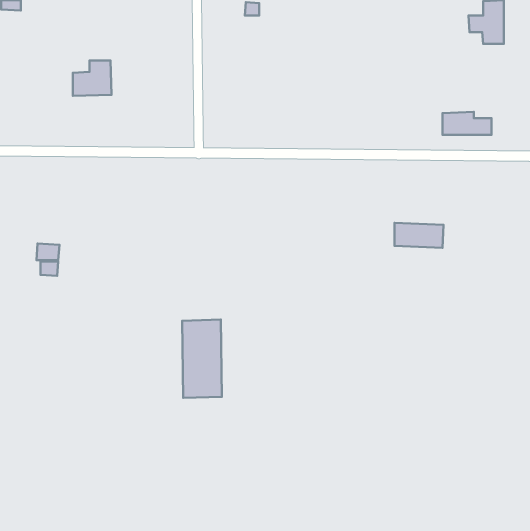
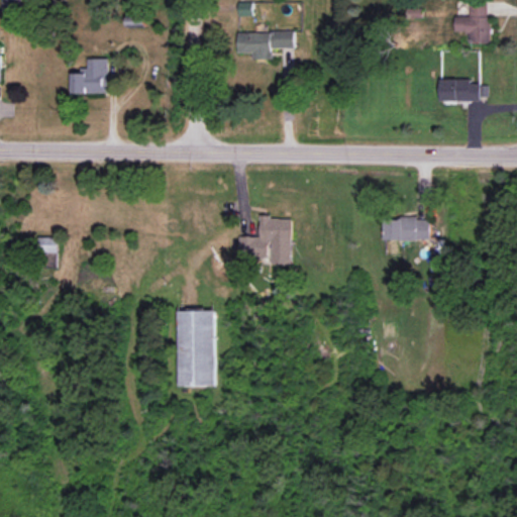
building: none -> [237,32,294,60]
building: [443,112,492,135] -> [439,79,487,101]
building: none -> [236,218,291,265]

